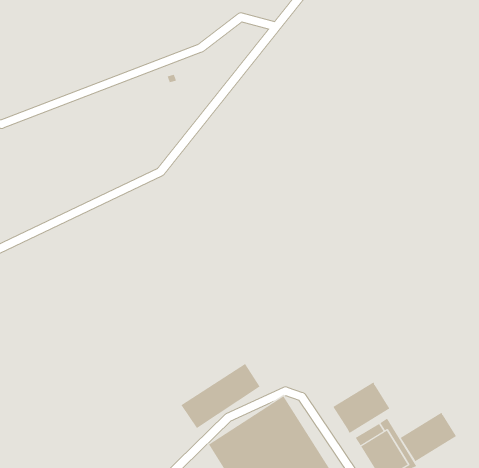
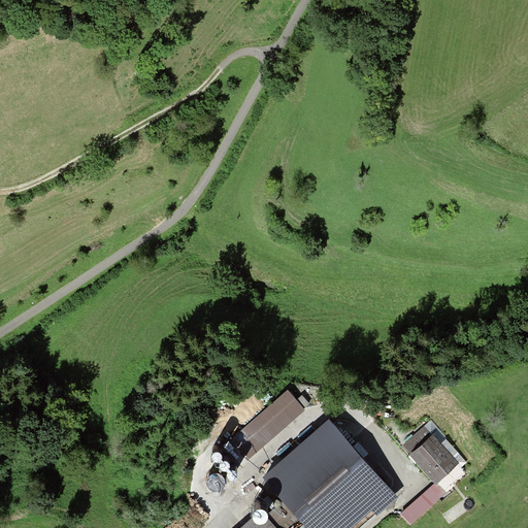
building: [332,381,390,434] -> none
building: [400,412,457,462] -> none

